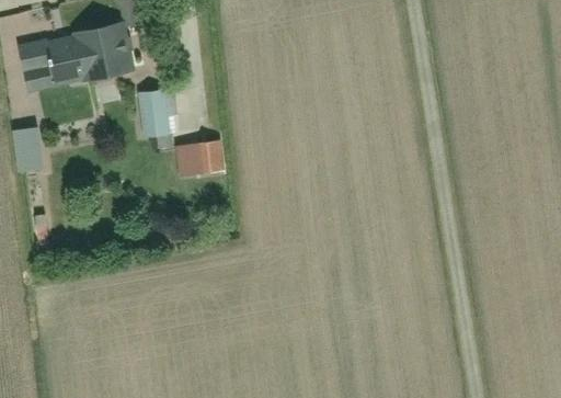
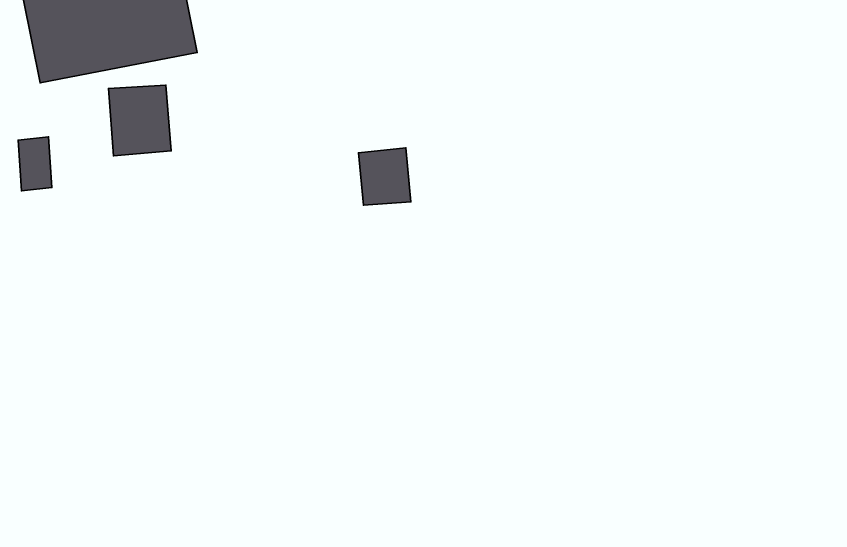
building: [136,91,176,137] -> [109,85,171,156]
building: [191,138,225,175] -> [358,148,411,205]

